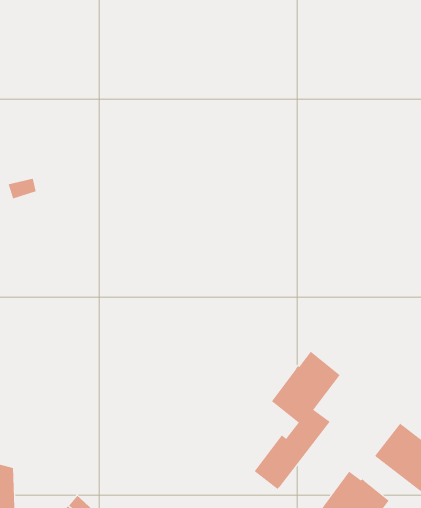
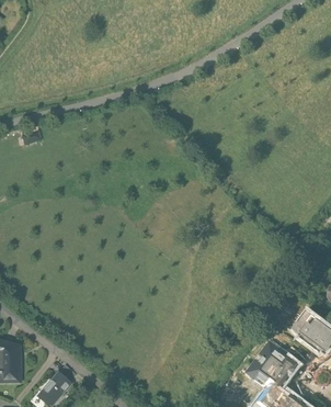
building: [254,351,340,490] -> none

